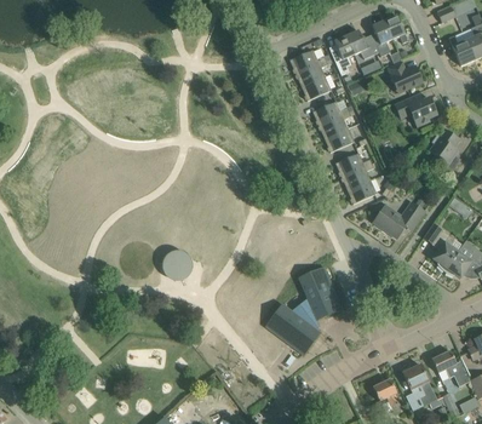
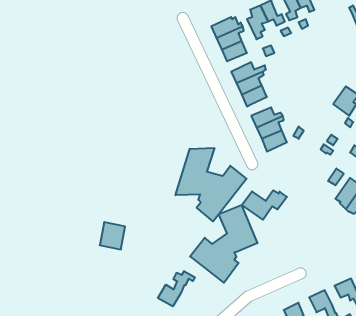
building: [388,61,423,92] -> none
building: [395,97,437,127] -> none
building: none -> [176,148,247,221]
building: [373,204,425,237] -> [242,190,287,220]
building: [163,247,193,279] -> [100,222,125,249]
building: none -> [158,271,195,306]

